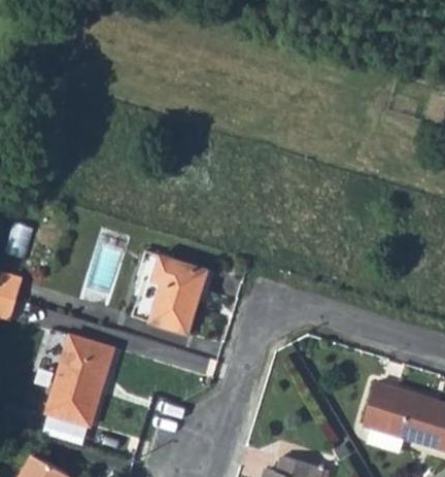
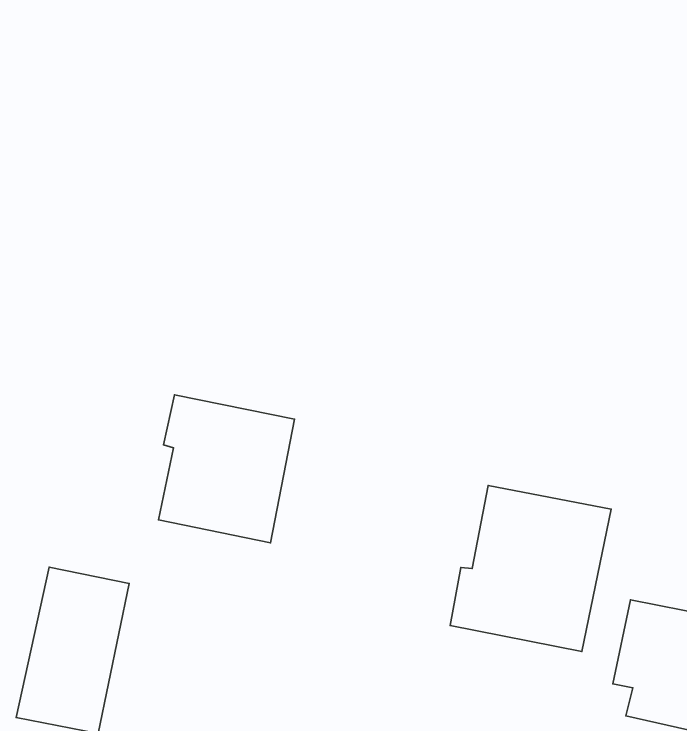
building: none -> [450,485,611,652]

